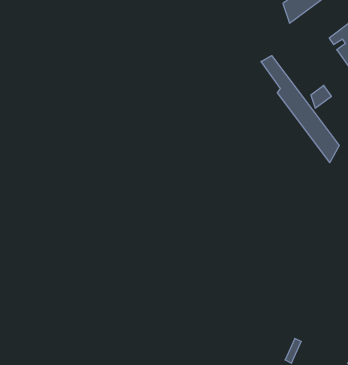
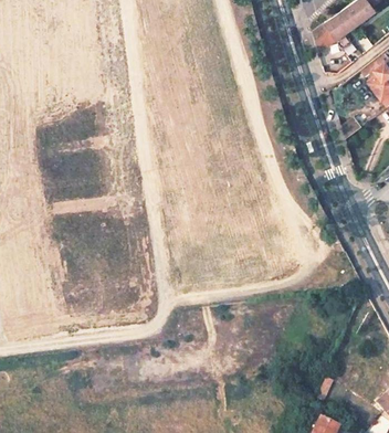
building: [261,56,339,163] -> none

